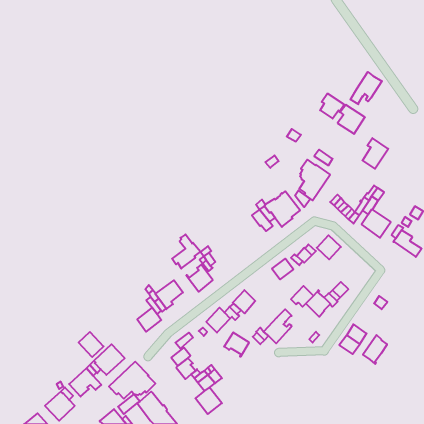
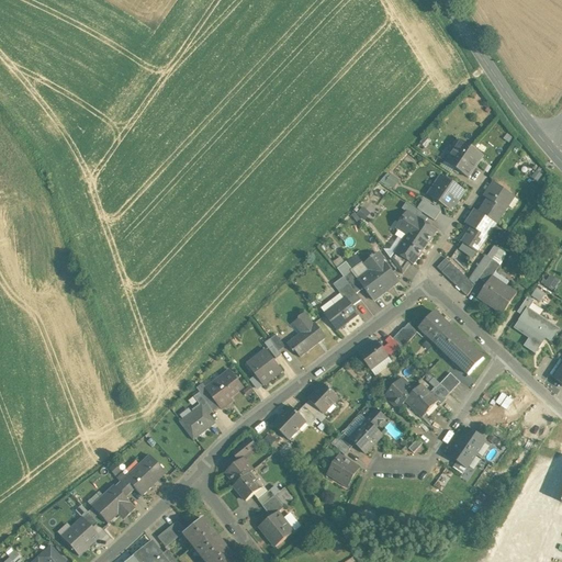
building: [350,72,382,104] -> none
building: [320,94,344,119] -> [431,176,463,209]
building: none -> [461,209,495,251]
building: none -> [321,293,357,329]
building: [172,234,200,269] -> [286,312,324,357]
building: none -> [435,326,483,373]
building: [79,332,104,357] -> none
building: [224,332,249,357] -> [326,454,359,486]
building: [363,335,387,364] -> none
building: [109,362,155,399] -> none

